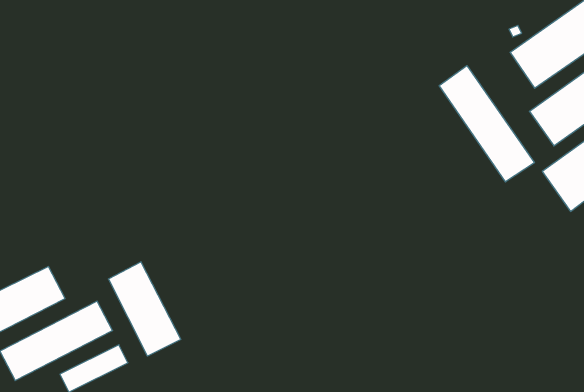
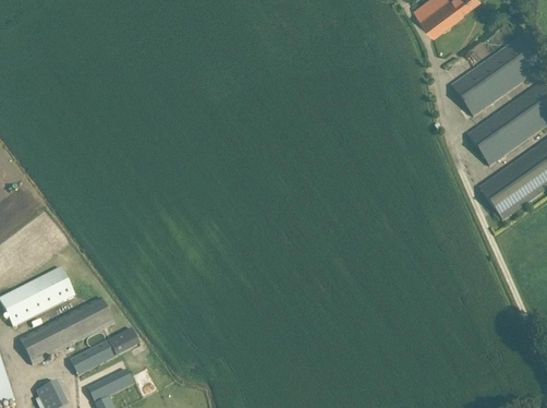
building: [439,66,534,182] -> none
building: [108,262,181,356] -> none

